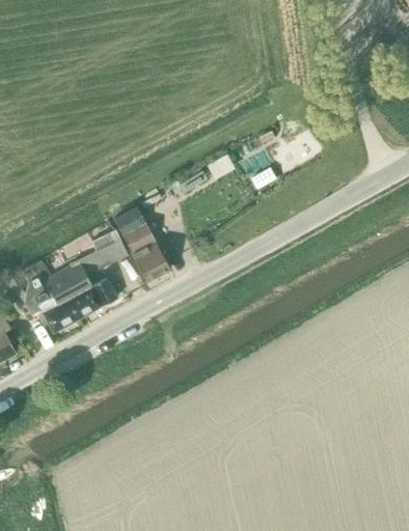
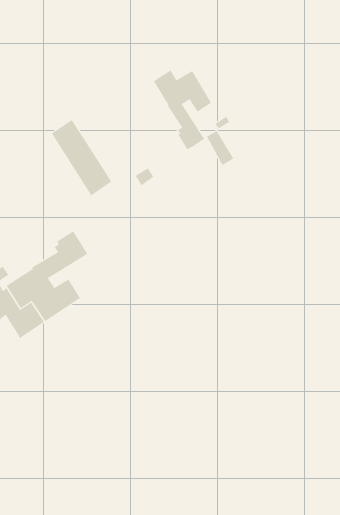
building: none -> [153,70,212,150]
building: [113,205,169,282] -> [51,119,112,196]

